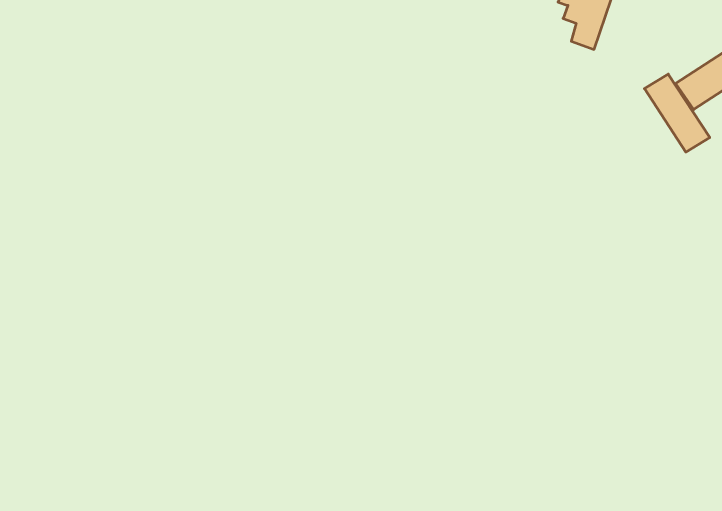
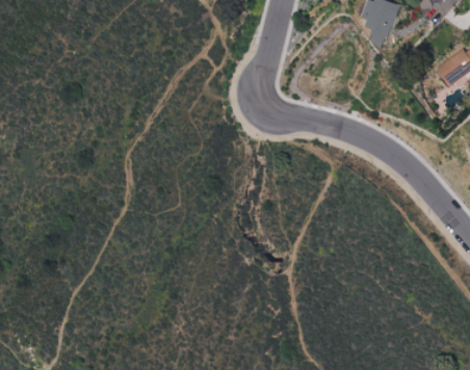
building: [644,74,710,152] -> none

